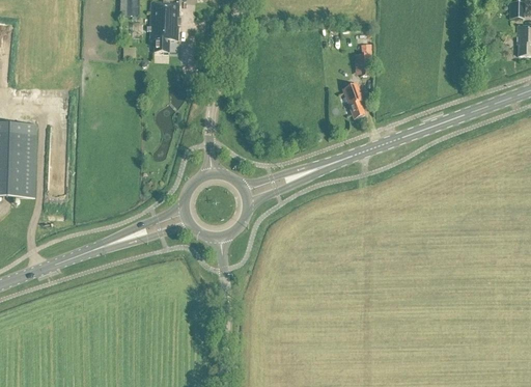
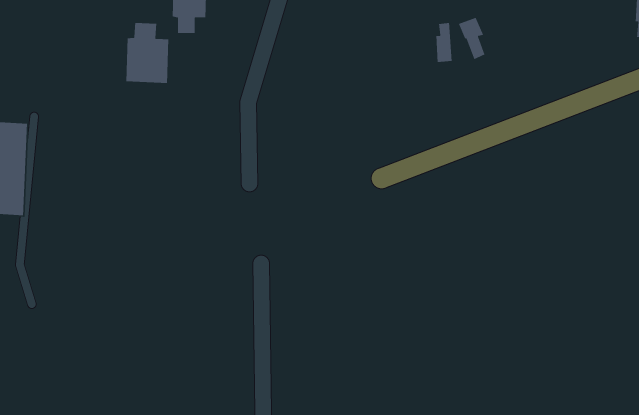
building: none -> [126,22,169,84]
building: [342,83,364,117] -> [458,17,485,60]

